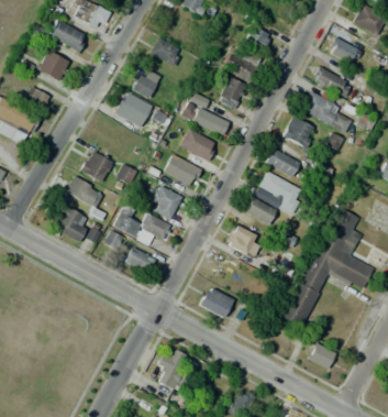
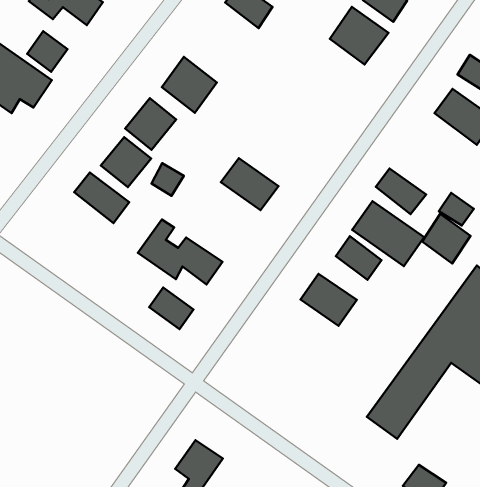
building: [132,67,160,98] -> none
building: [214,75,246,108] -> none
building: [181,94,226,134] -> none
building: [284,116,315,147] -> [422,214,471,263]
building: none -> [125,98,176,150]
building: [179,128,217,161] -> none
building: [148,185,182,220] -> none
building: [55,204,91,242] -> none
building: [199,286,233,318] -> none

